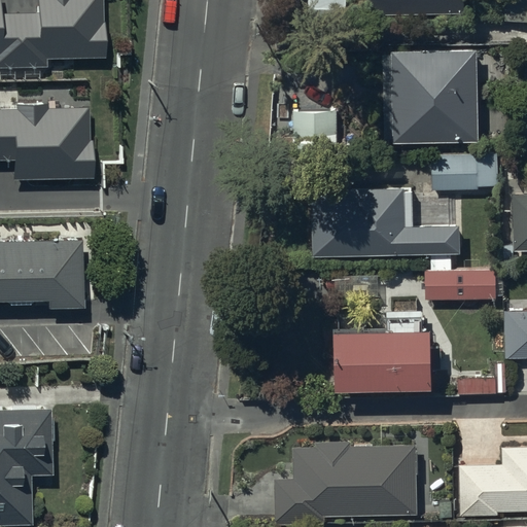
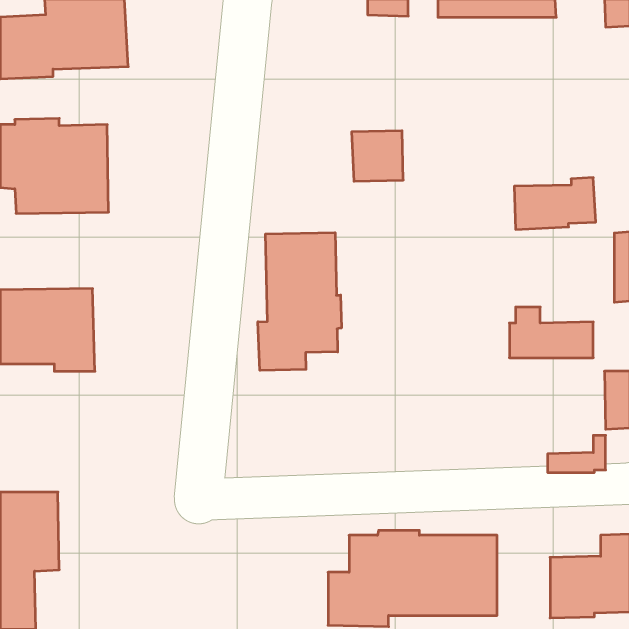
building: [383,49,478,144] -> none
building: [311,188,459,256] -> none
building: none -> [258,233,341,370]
building: [331,311,441,393] -> none

